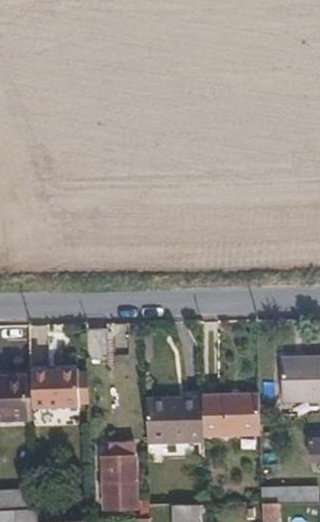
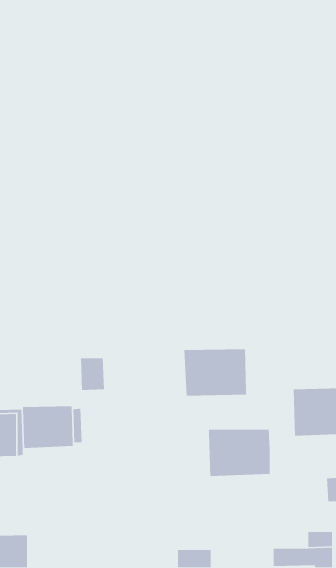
building: [145,398,203,441] -> [184,348,247,396]
building: [101,440,134,507] -> none

